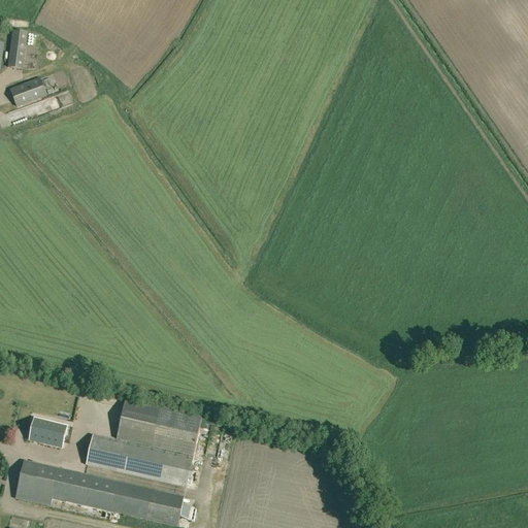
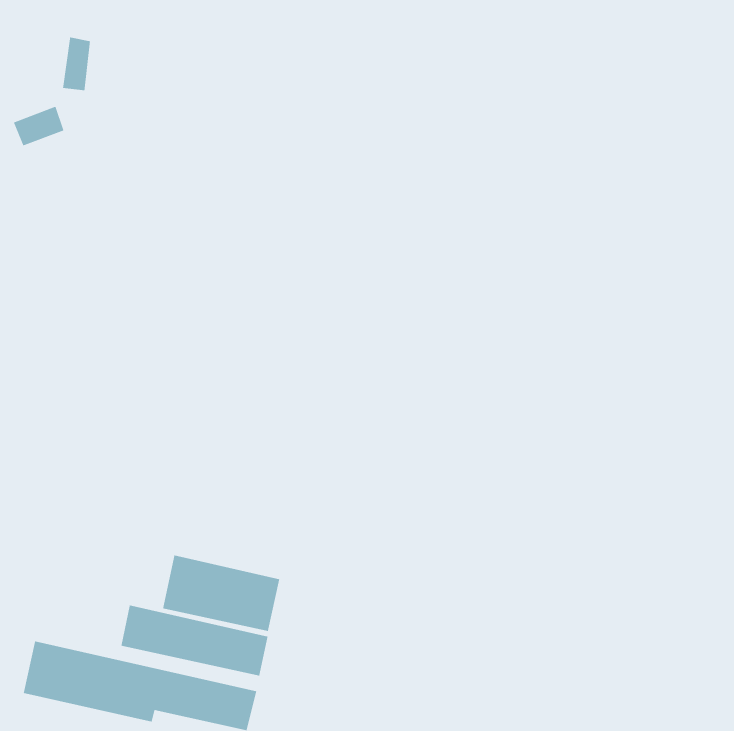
building: [7,29,28,68] -> [62,37,91,91]
building: [30,417,67,448] -> none

